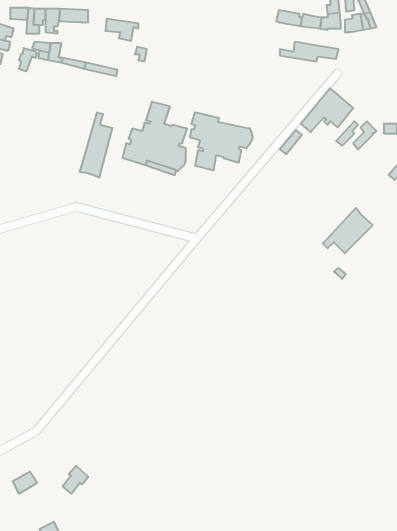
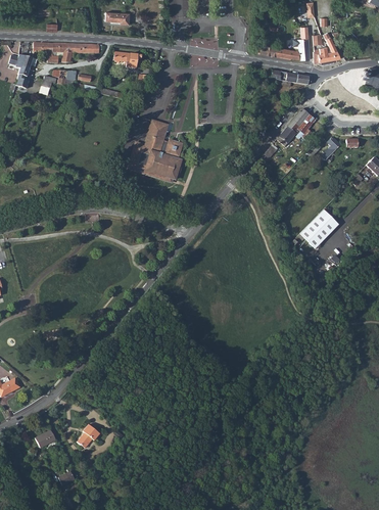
building: [190,112,253,171] -> none
building: [80,112,112,178] -> none

